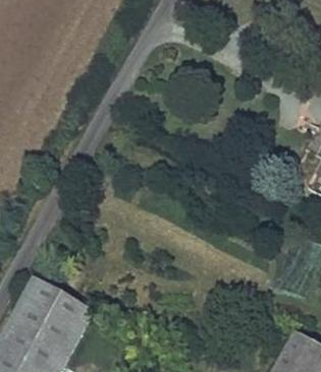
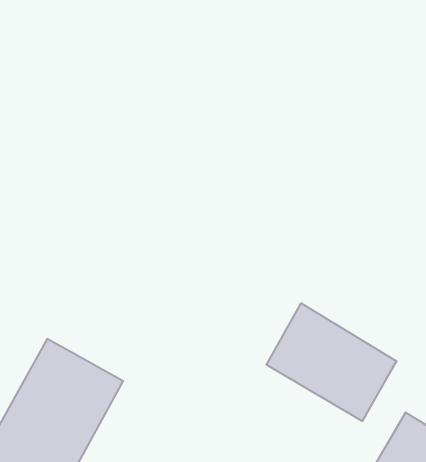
building: none -> [266,303,396,421]

